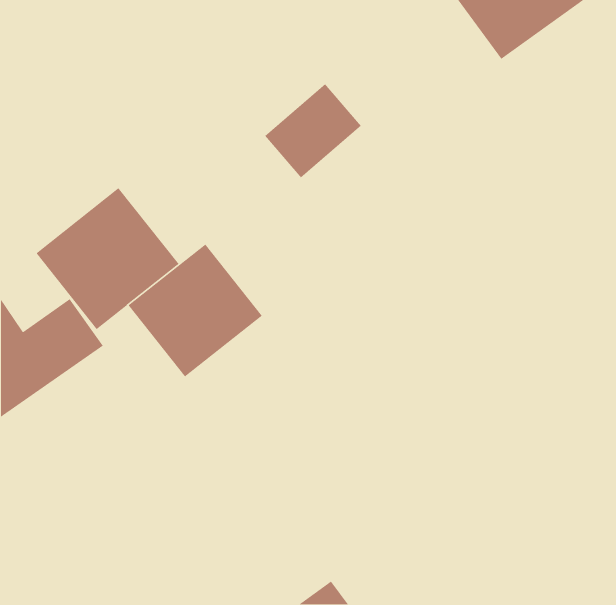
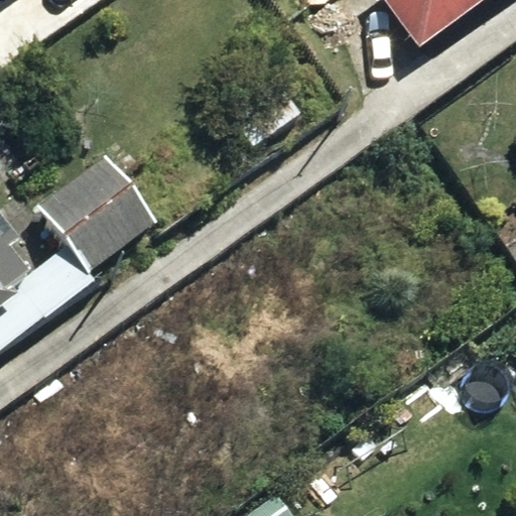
building: [128,244,263,377] -> none

